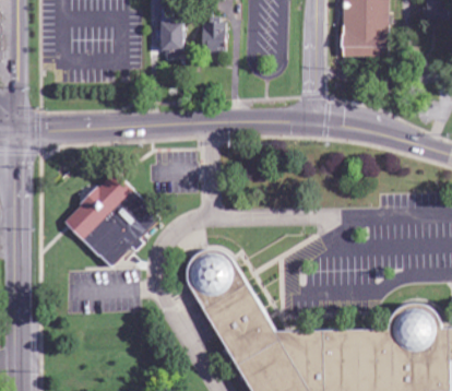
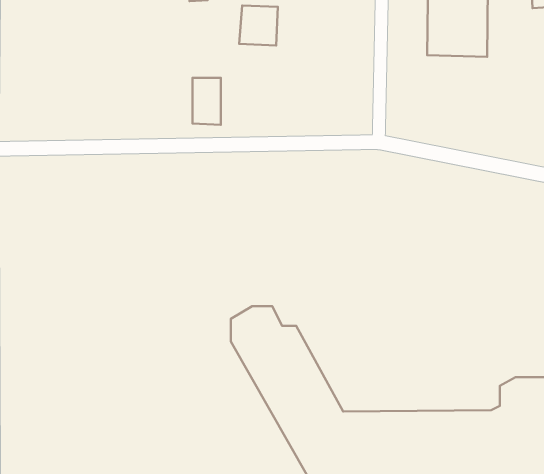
building: [160,24,182,60] -> [192,78,221,125]
building: [62,174,159,270] -> none

